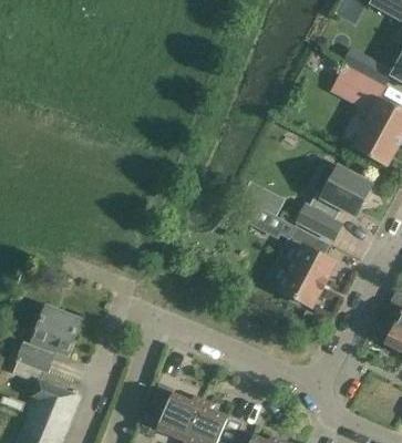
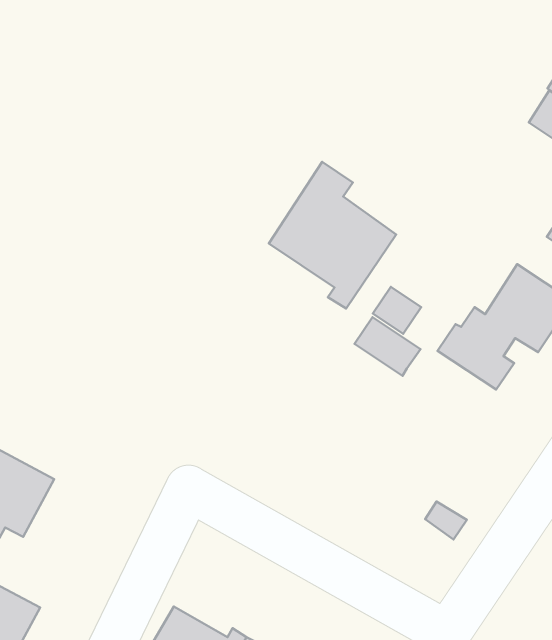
building: none -> [269,162,396,309]
building: [266,226,336,308] -> none

